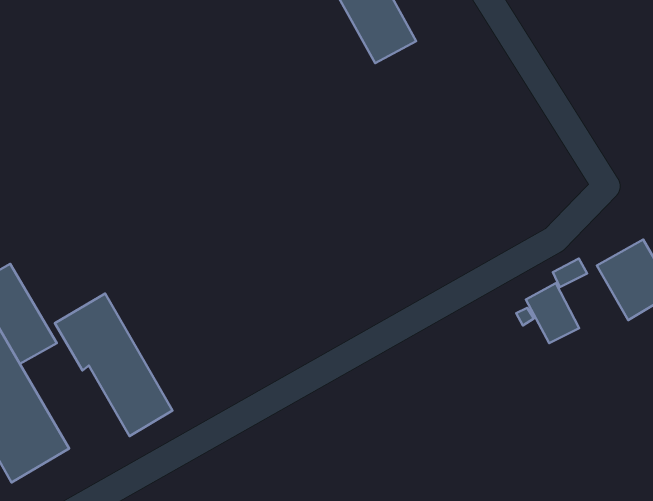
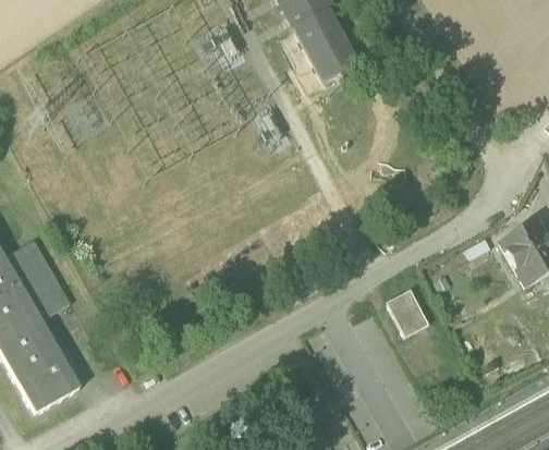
building: [526,283,579,343] -> [387,288,429,336]
building: [55,294,172,436] -> none

